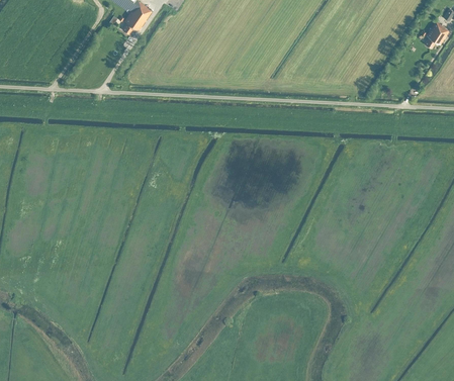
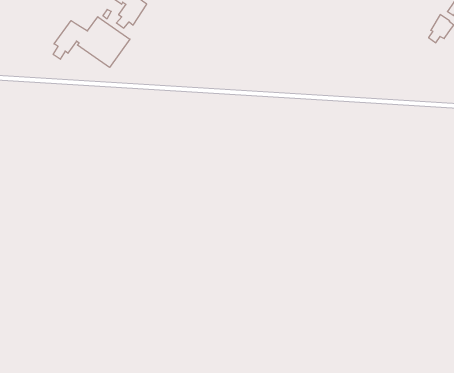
building: none -> [53,17,130,67]

